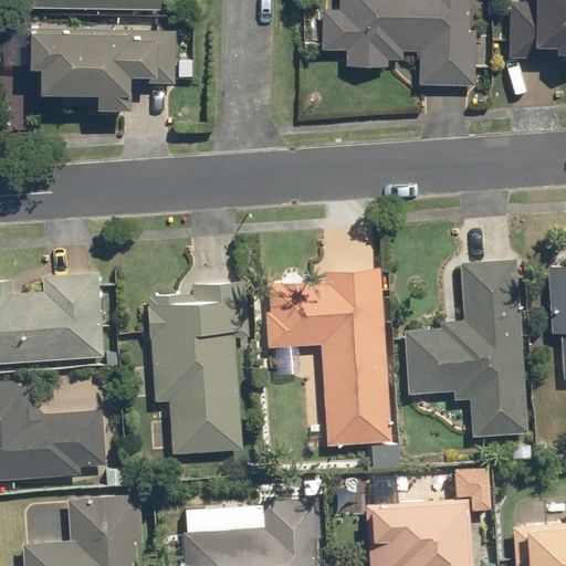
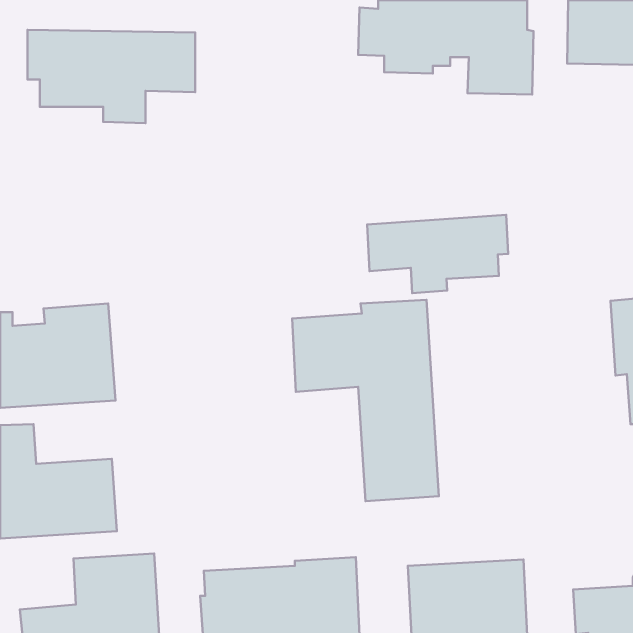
building: none -> [367,215,508,293]
building: [402,258,528,439] -> none
building: [146,281,250,457] -> none

